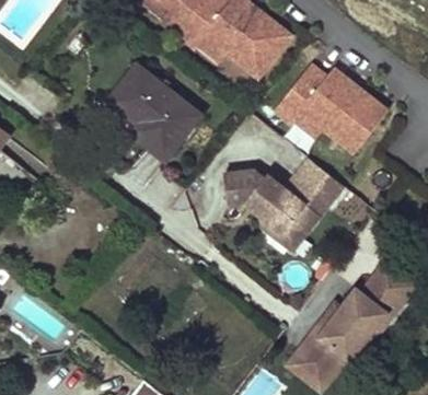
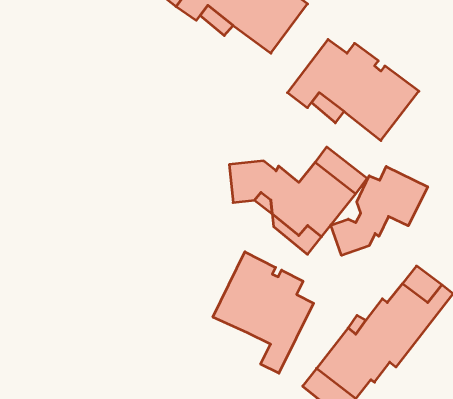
building: [109,65,201,161] -> none
building: none -> [331,166,428,255]
building: none -> [213,252,314,373]

